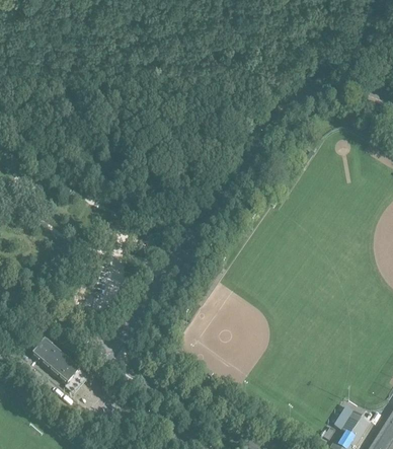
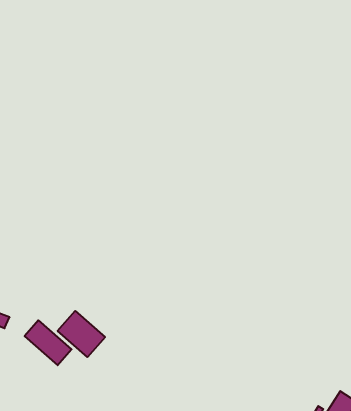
building: none -> [58,311,105,357]

